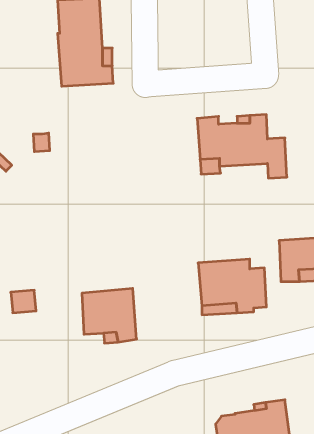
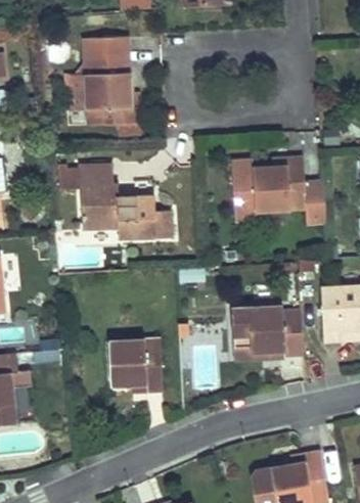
building: none -> [80,168,174,241]

